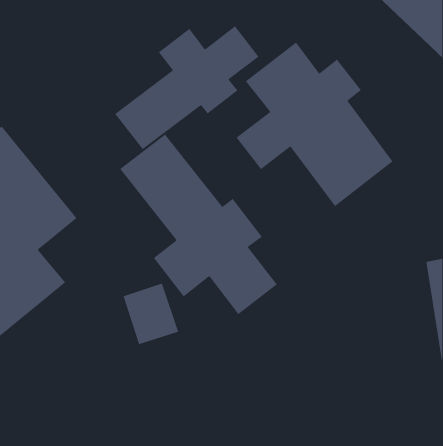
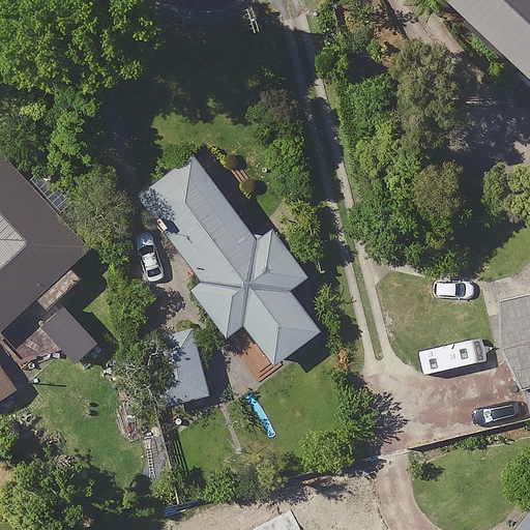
building: [114,25,259,150] -> none
building: [236,42,394,207] -> none

